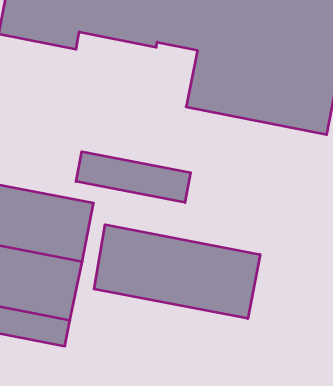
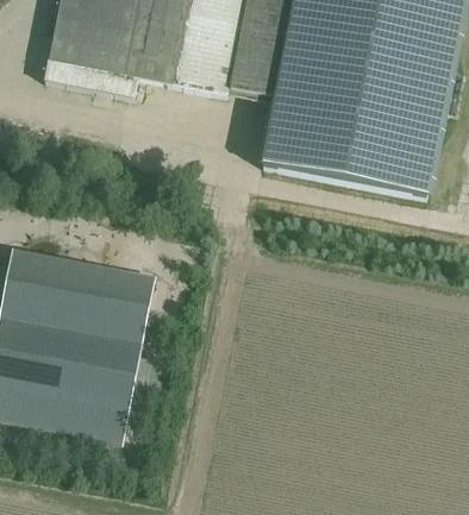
building: [76,152,191,203] -> none
building: [94,225,260,319] -> none

